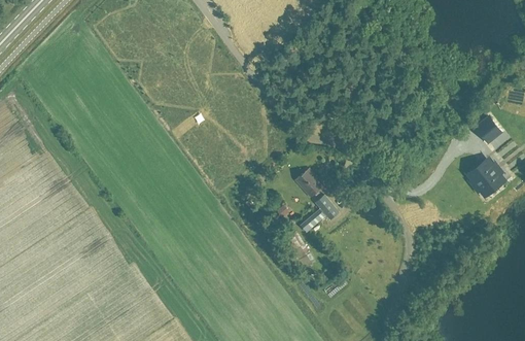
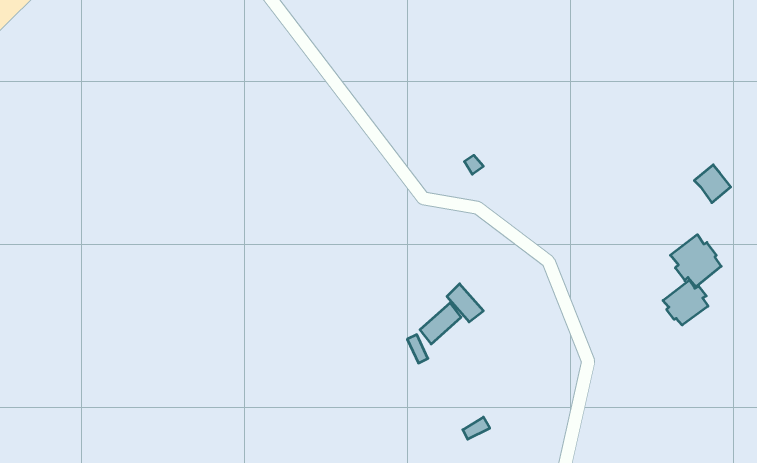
building: [297,167,326,196] -> none
building: none -> [663,280,708,325]

